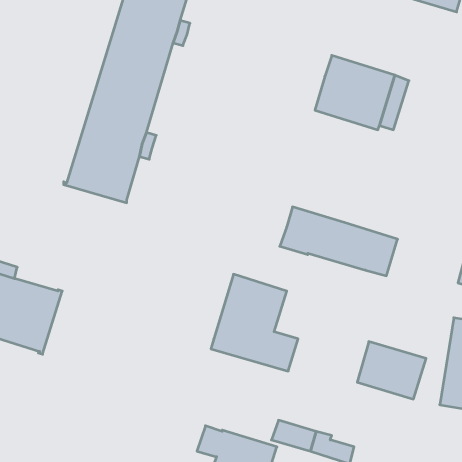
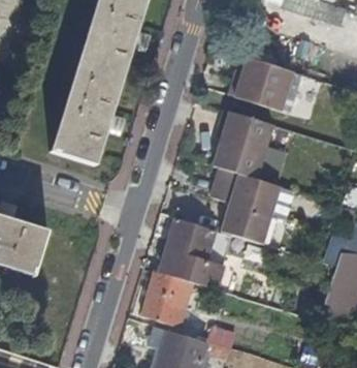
building: none -> [214,110,273,179]
building: [357,342,426,399] -> [222,202,272,244]
building: none -> [143,273,191,326]

